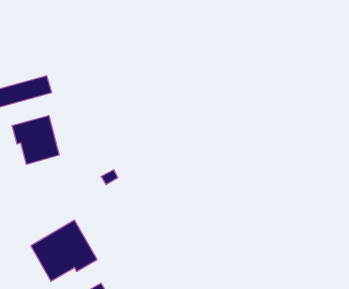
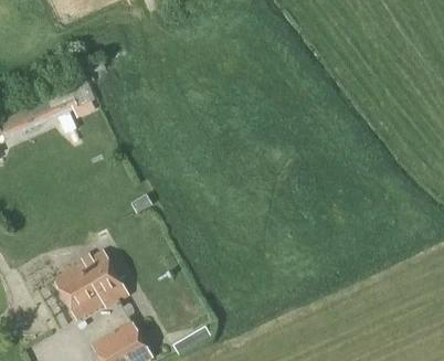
building: [12,115,59,164] -> none

